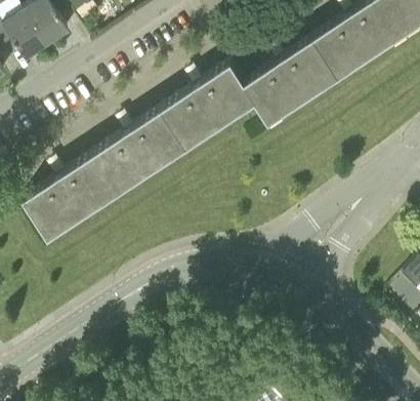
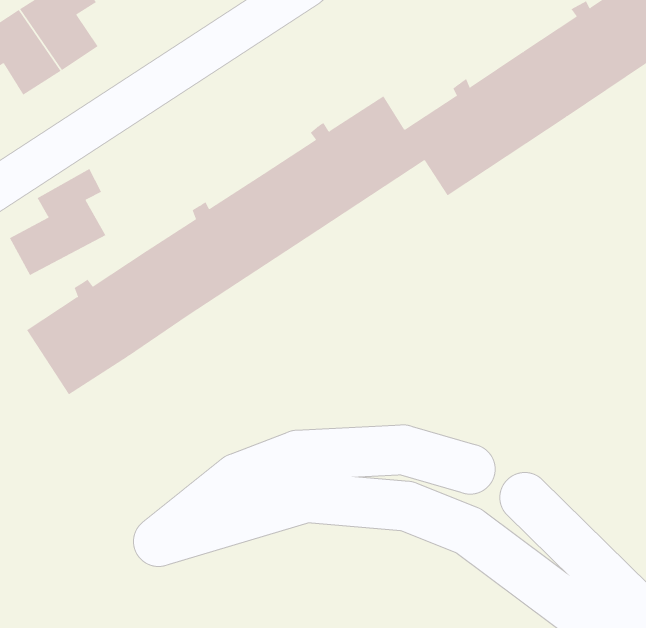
building: none -> [9,168,106,276]

